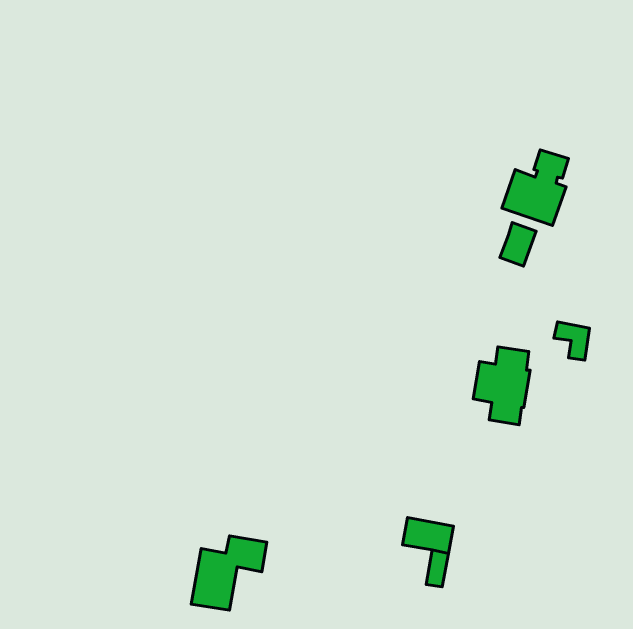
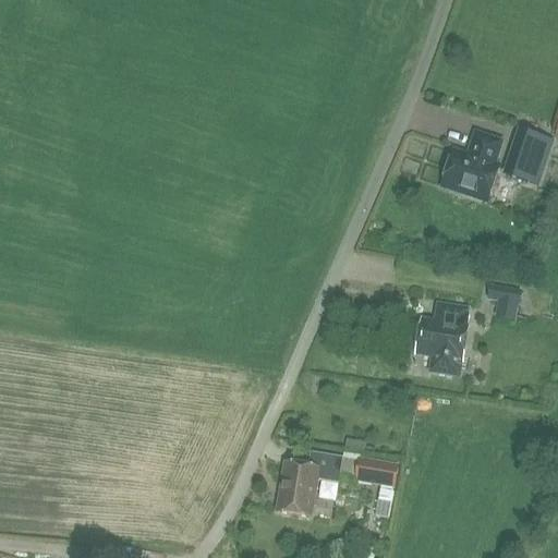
building: none -> [505,129,548,181]
building: [500,222,536,266] -> none
building: [191,536,267,610] -> [277,450,343,515]

